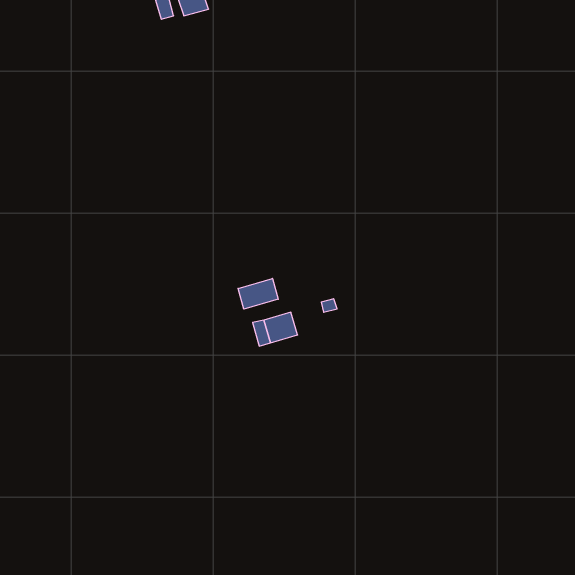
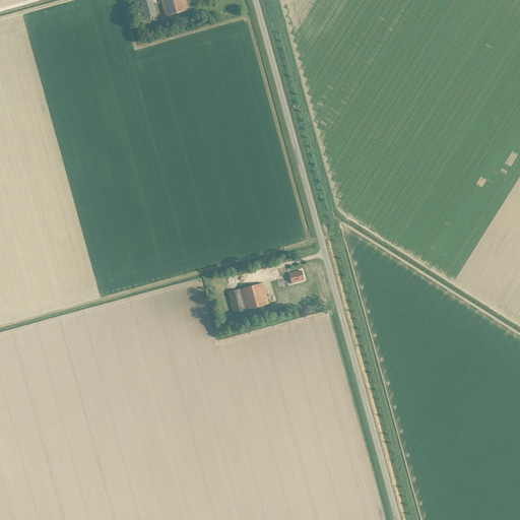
building: [238,278,278,309] -> none

